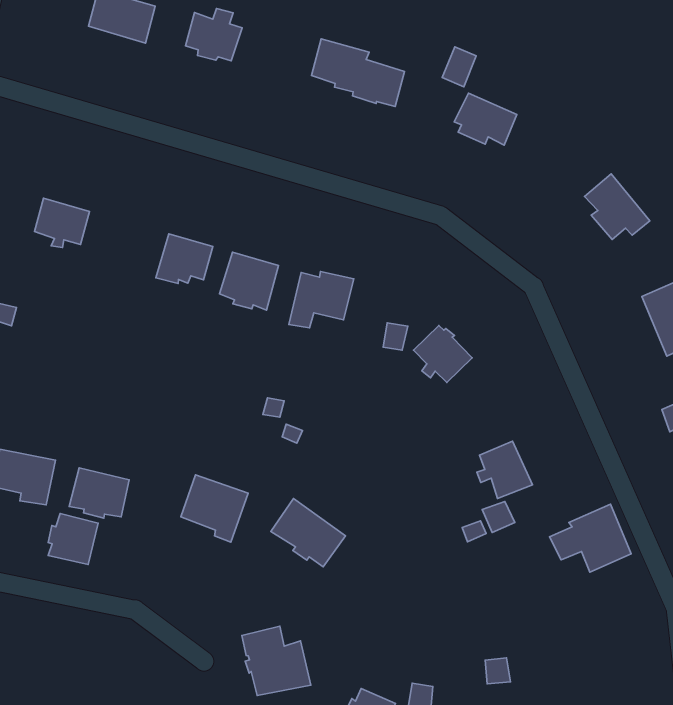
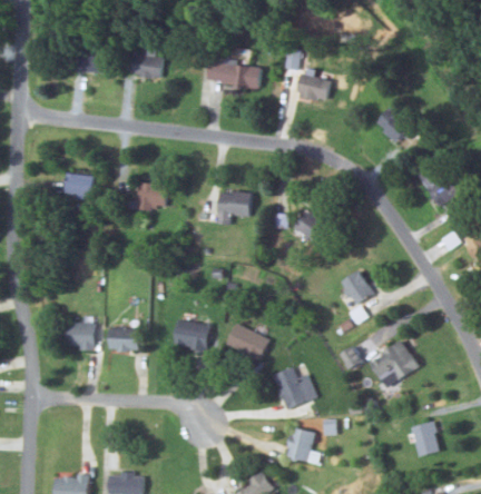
building: [220,252,279,310] -> none
building: [549,504,631,572] -> [370,339,419,381]
building: [48,513,98,564] -> none
building: [242,626,311,696] -> [271,367,315,409]

